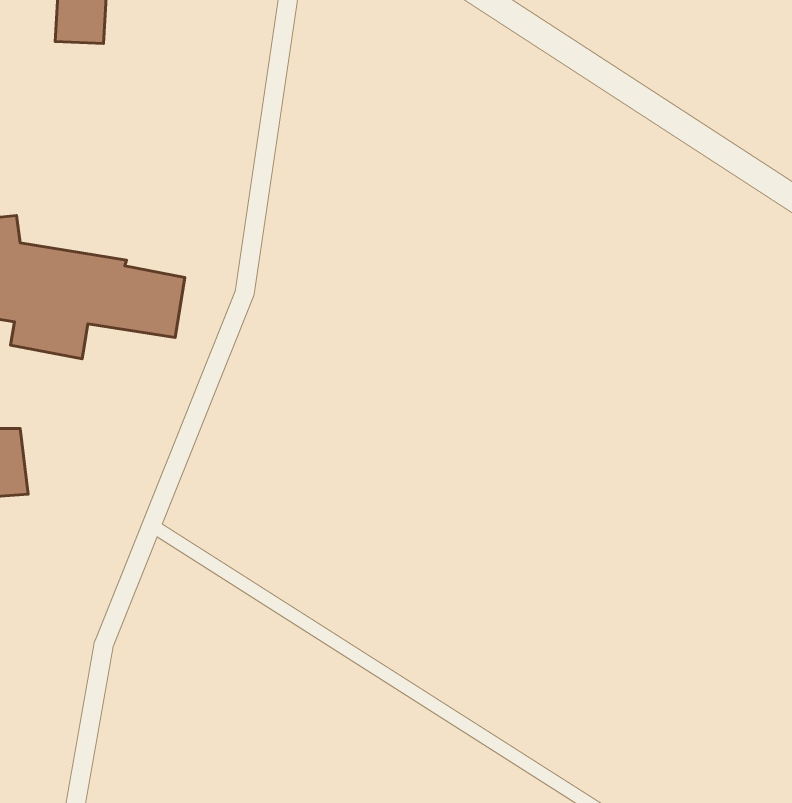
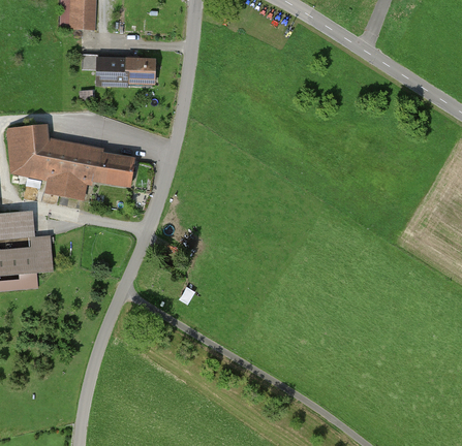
building: none -> [94,57,155,88]

